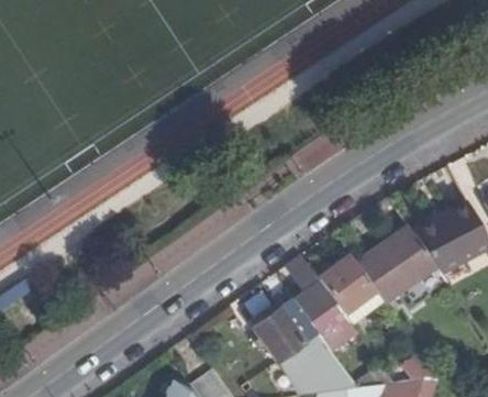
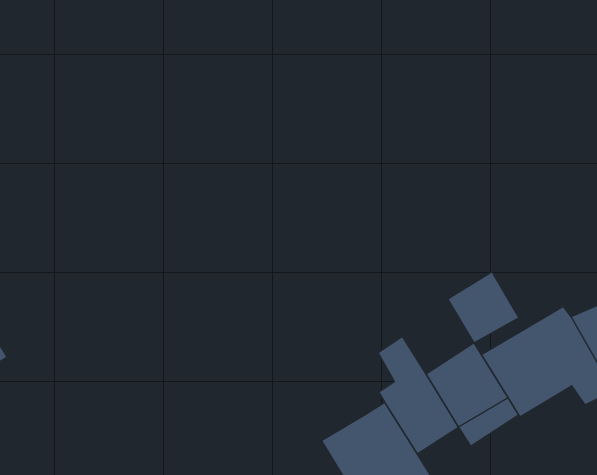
building: none -> [448,272,519,343]

